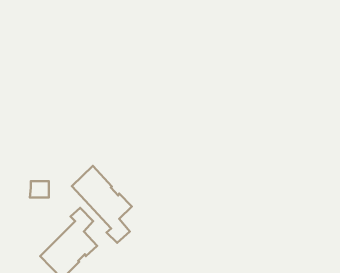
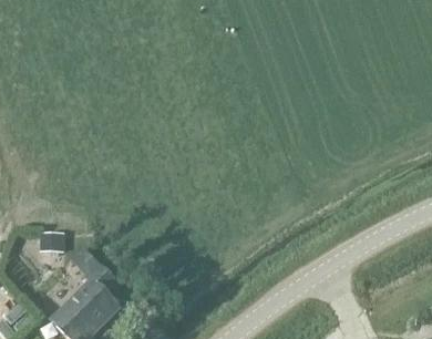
building: [72,166,132,243] -> none

